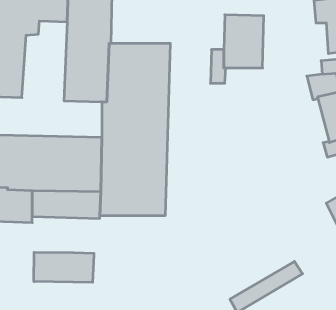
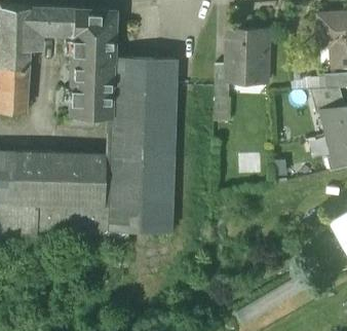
building: [34,252,94,282] -> none

